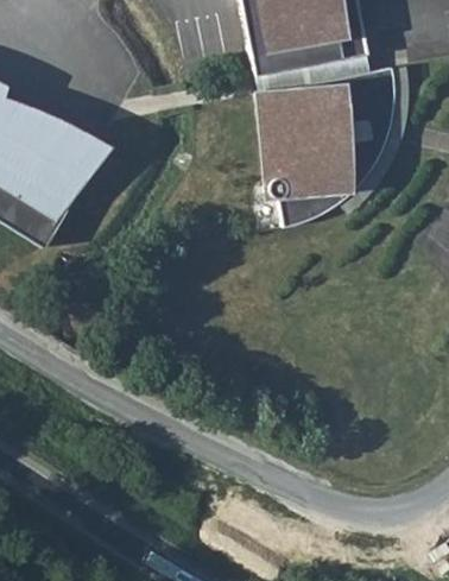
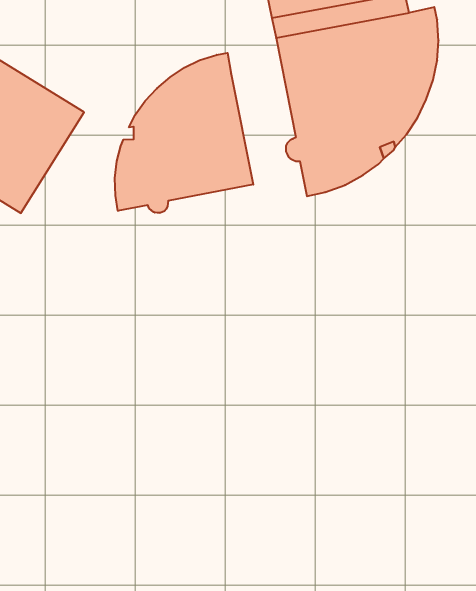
building: none -> [115,53,253,213]

